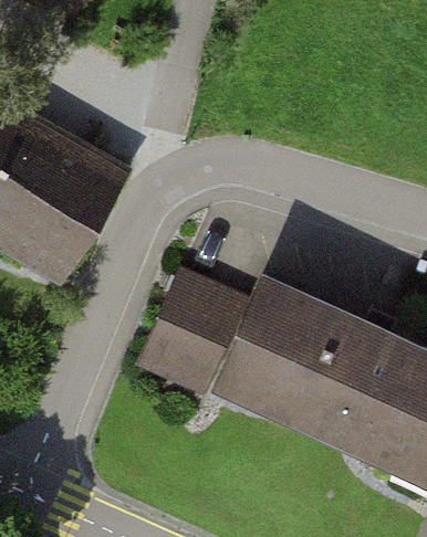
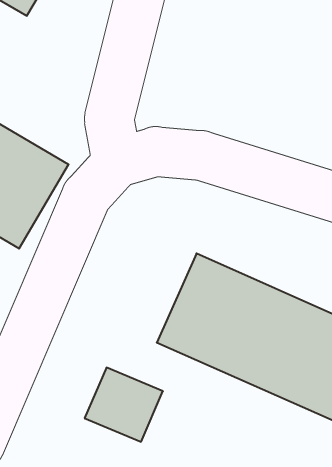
building: [154,283,241,366] -> [85,368,163,442]

